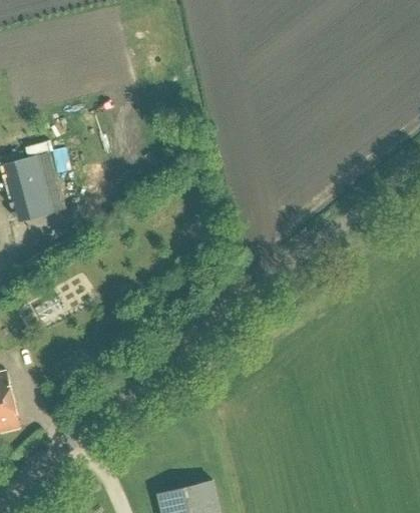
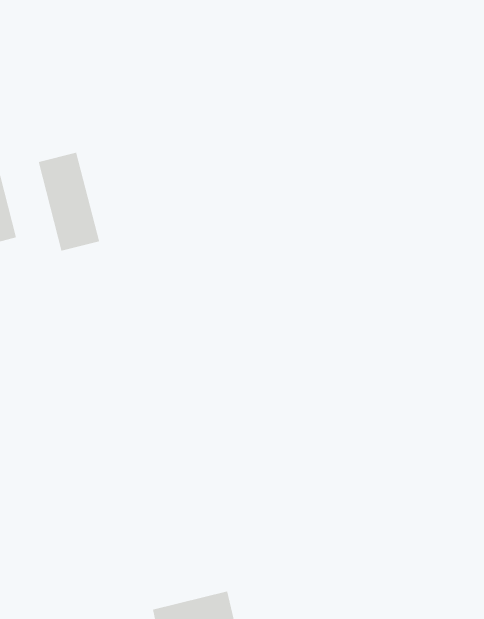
building: none -> [38,152,100,252]

